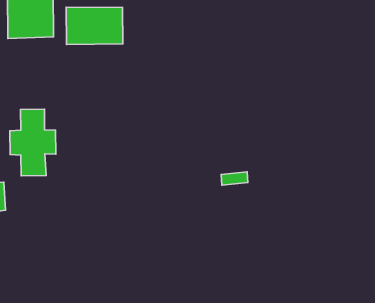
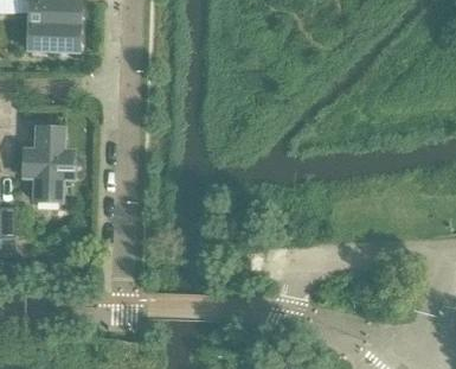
building: [66,7,123,45] -> none

